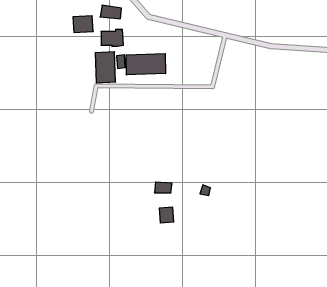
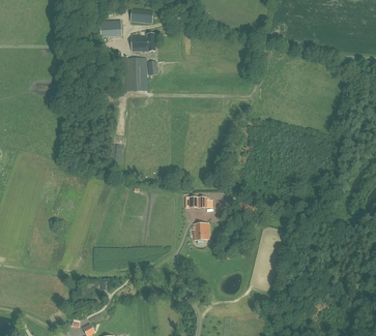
building: [126,54,165,75] -> none

